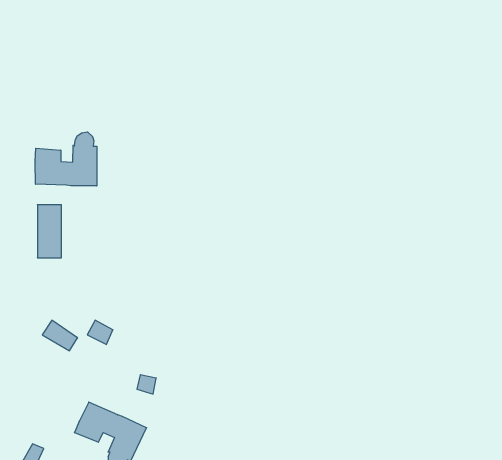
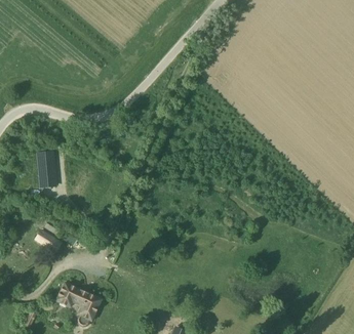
building: [35,132,97,186] -> none

